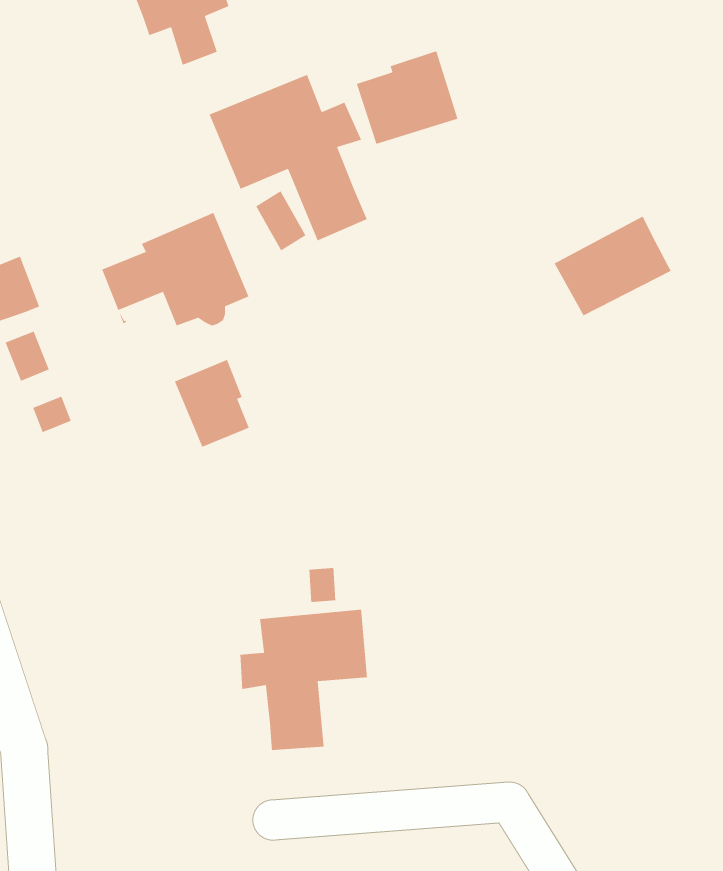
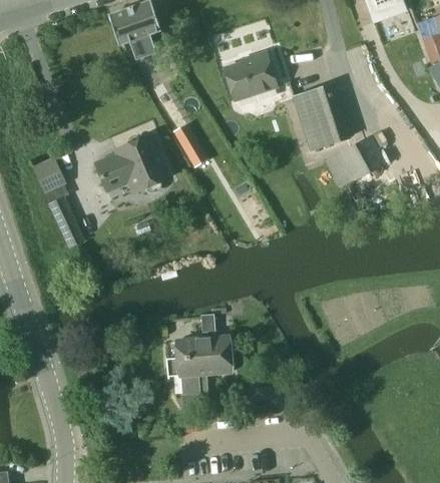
building: [208,74,368,241] -> none
building: none -> [293,83,351,151]
building: [174,359,250,448] -> none

